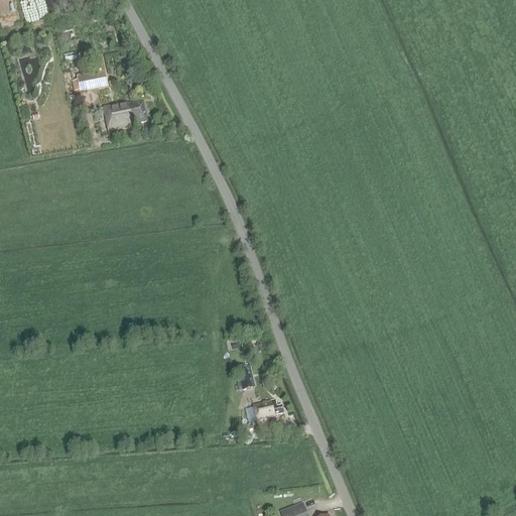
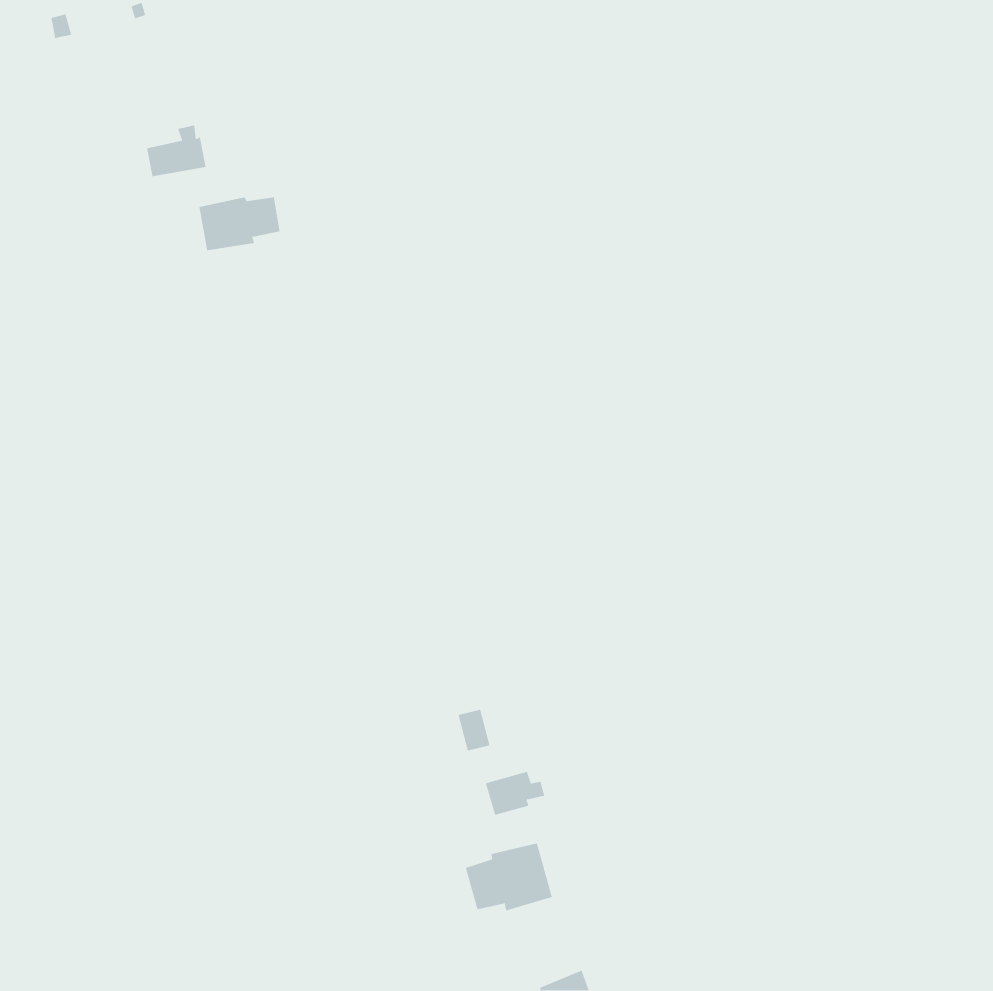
building: none -> [465,843,553,912]

